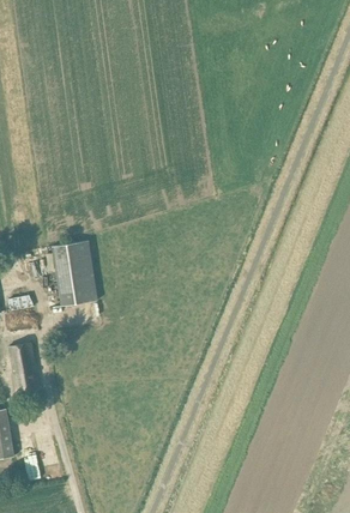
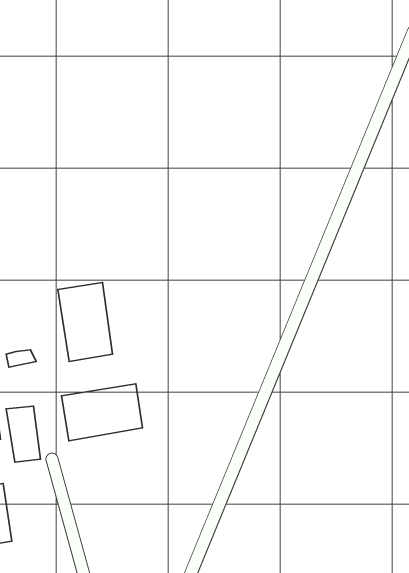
building: none -> [62,384,143,441]

